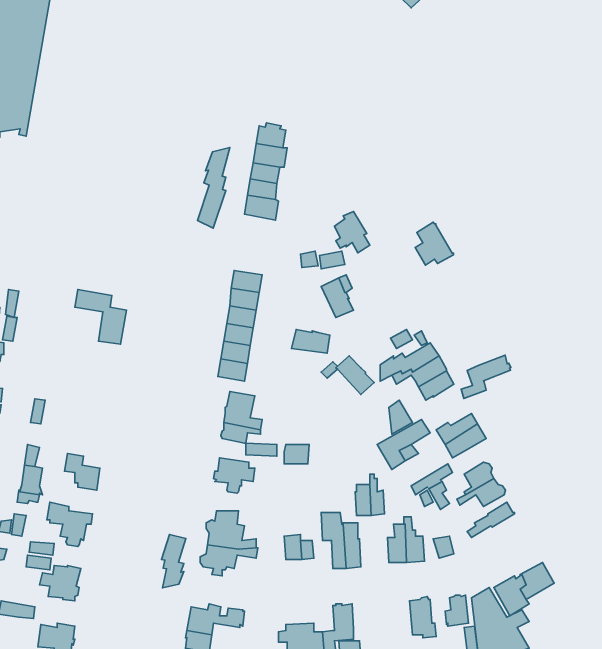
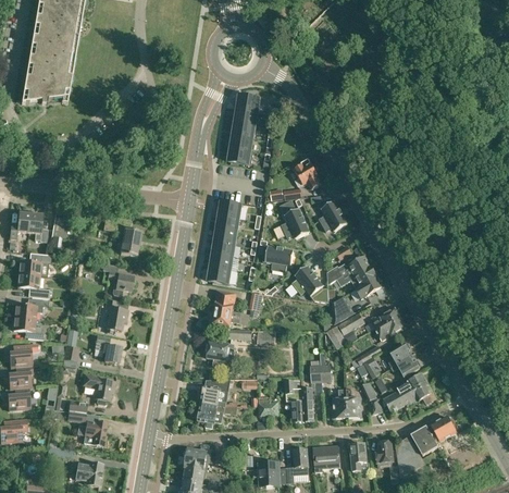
building: [198,147,230,228] -> none
building: [415,222,454,265] -> [318,199,346,231]
building: none -> [101,263,133,295]
building: [461,355,511,399] -> none
building: none -> [105,299,127,332]
building: none -> [383,381,435,411]
building: [161,534,186,588] -> none
building: none -> [313,445,339,471]

